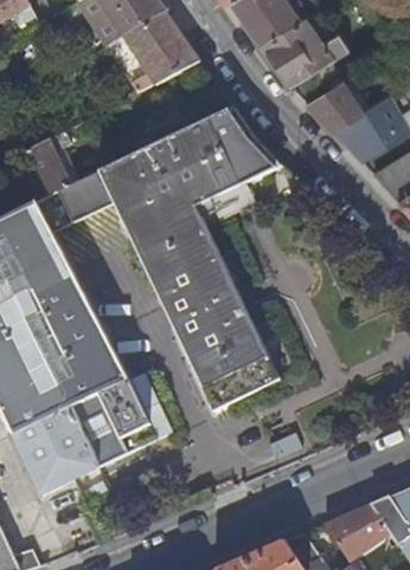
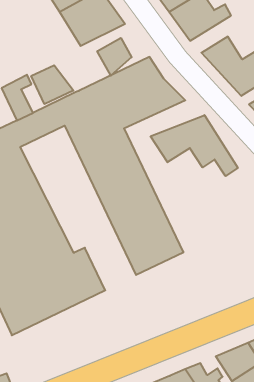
building: none -> [97,38,132,76]
building: none -> [31,65,73,104]
building: none -> [151,115,238,176]

